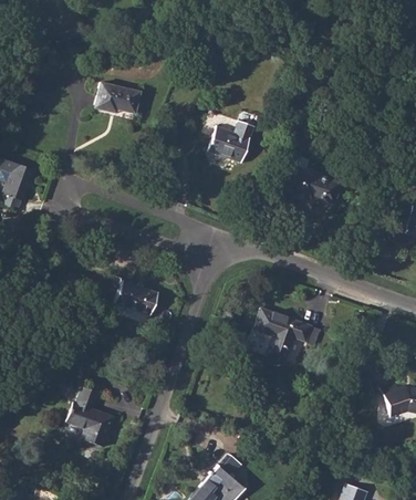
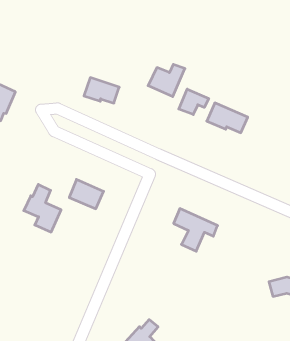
building: [95,82,141,113] -> [84,78,119,103]
building: none -> [179,89,209,115]
building: [65,385,114,446] -> [24,184,61,232]

